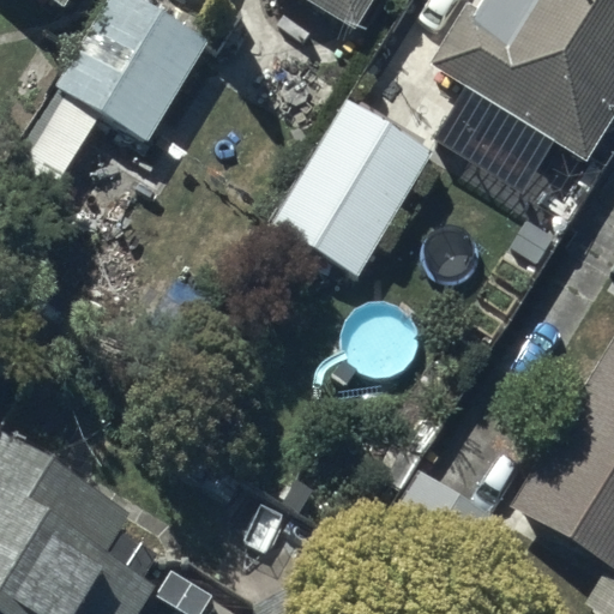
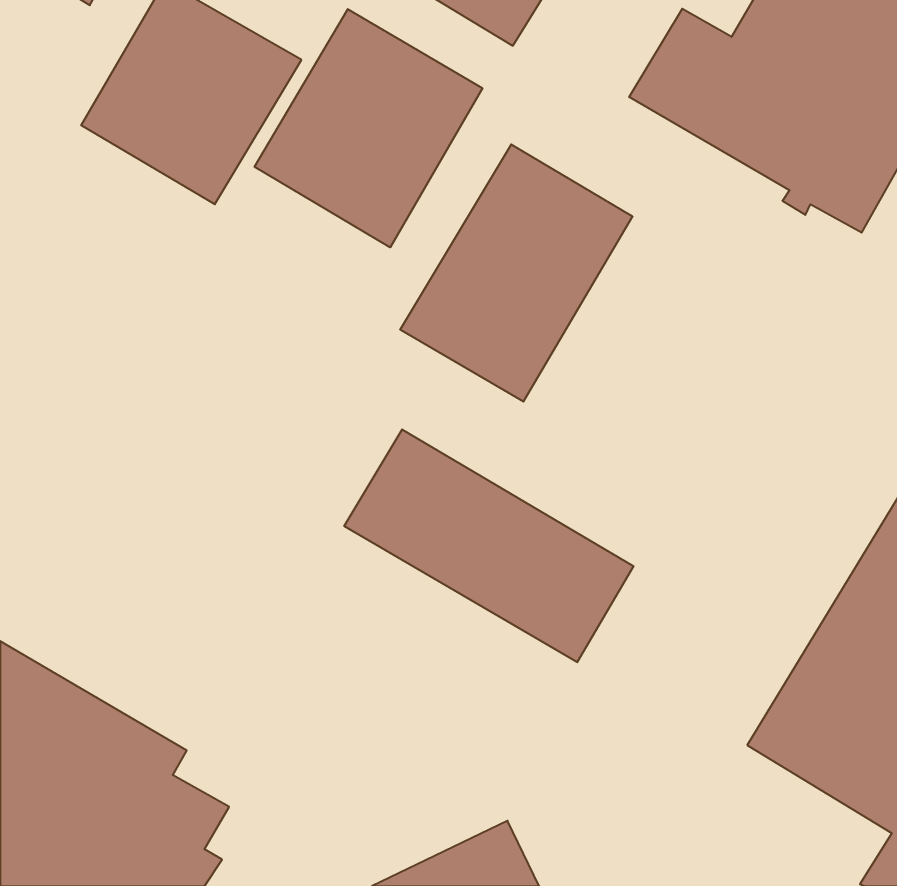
building: none -> [255,9,482,247]
building: none -> [344,429,633,662]

